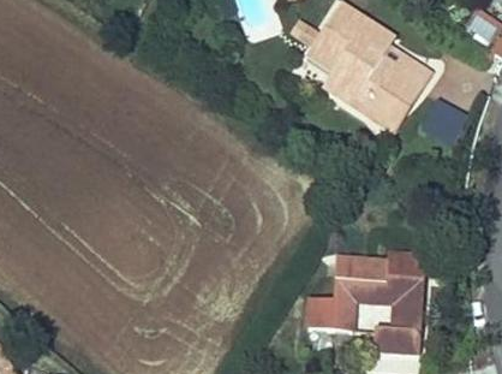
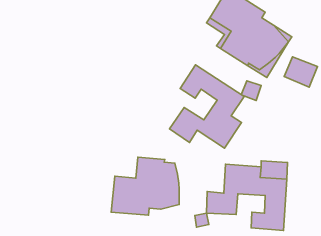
building: none -> [170,65,244,148]
building: none -> [111,157,179,215]

